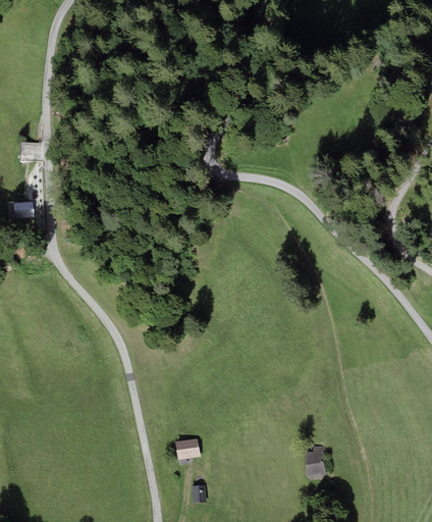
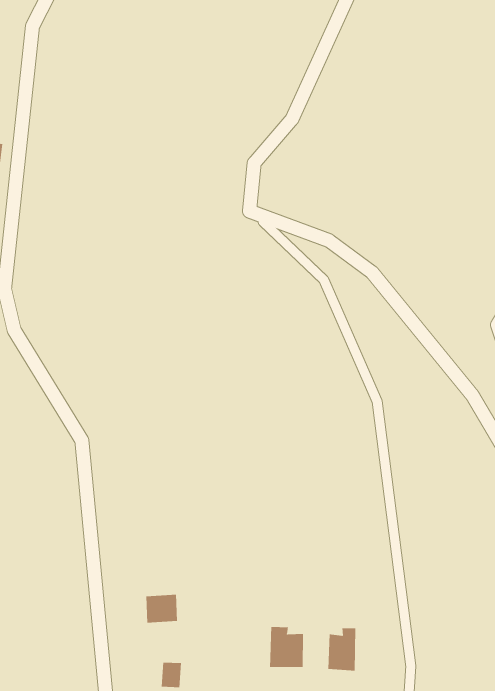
building: none -> [270,626,303,668]

